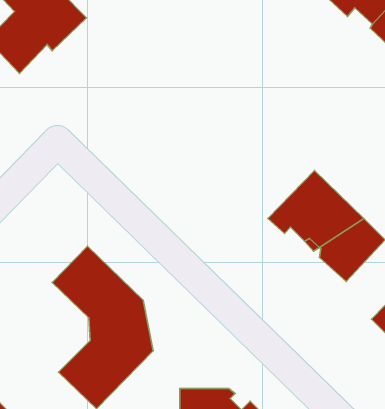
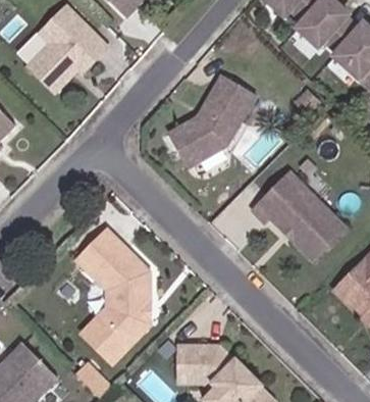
building: none -> [167,79,254,171]

